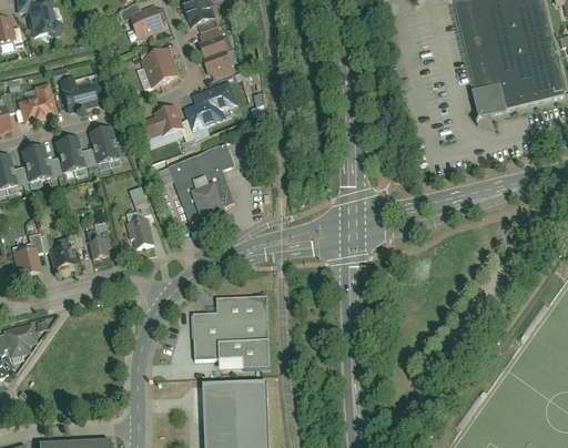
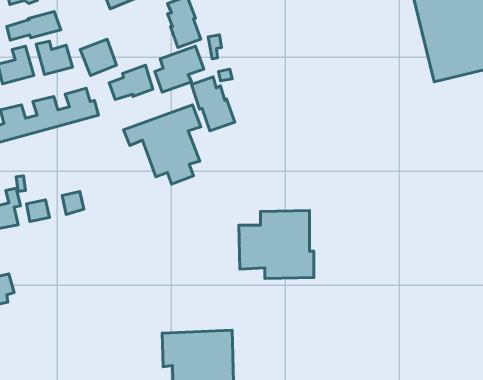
building: none -> [7,12,61,40]
building: [141,45,180,84] -> [80,39,116,76]
building: none -> [191,77,235,131]
building: [129,217,153,246] -> none
building: [191,297,271,369] -> [239,211,314,278]

